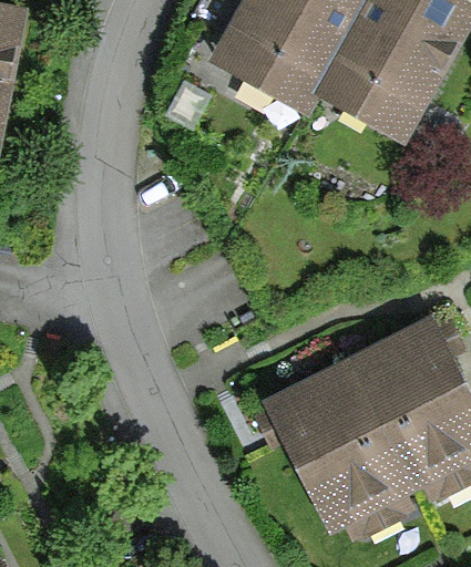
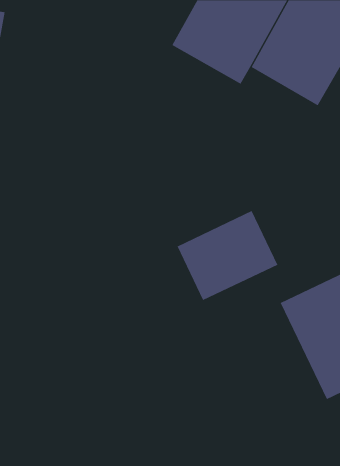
building: none -> [177,210,278,301]
building: [276,368,411,523] -> none

